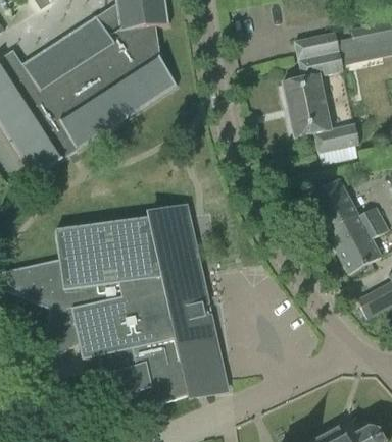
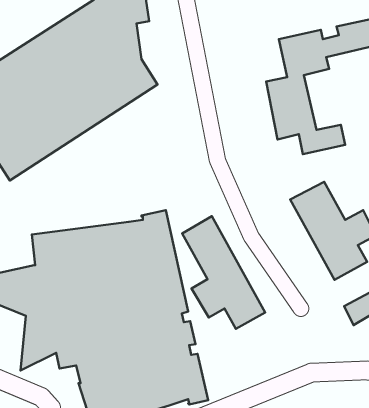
building: none -> [182,216,265,329]

